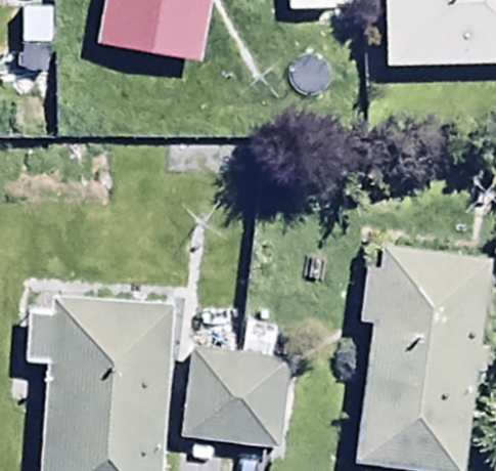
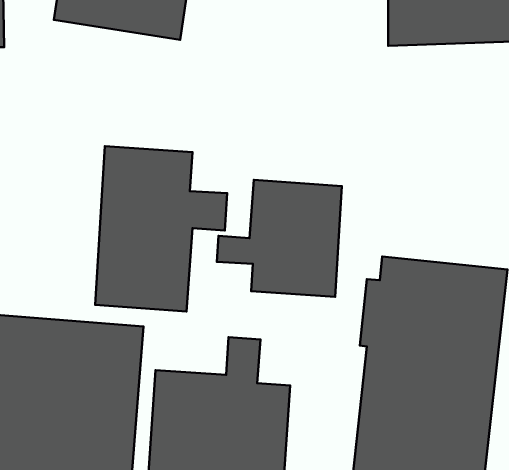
building: none -> [95,146,227,312]
building: none -> [217,180,342,297]

